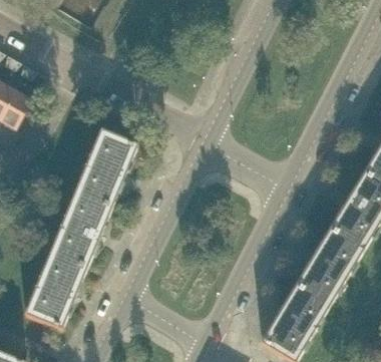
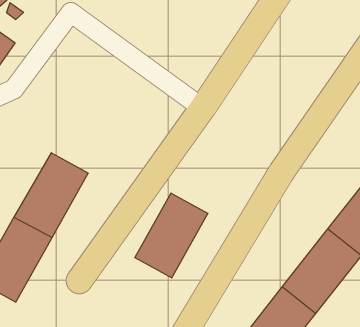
building: [75,131,135,207] -> [135,193,208,278]

